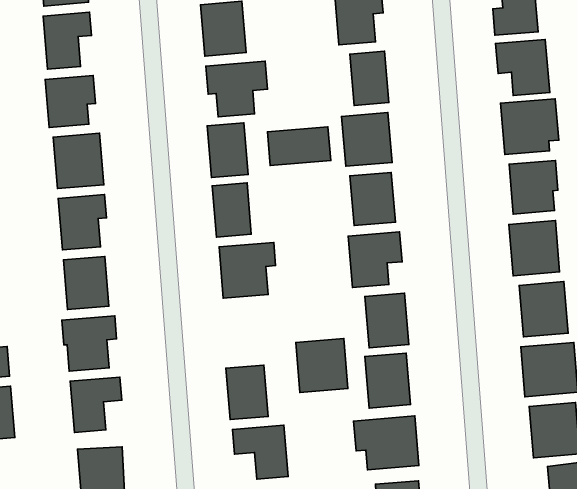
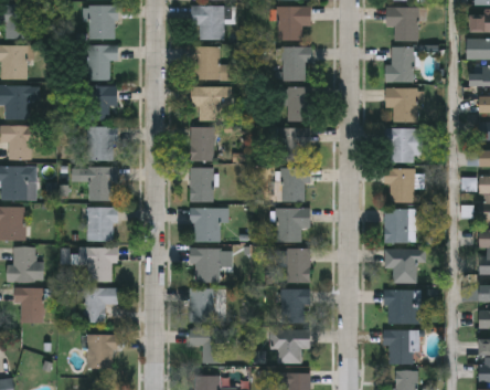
building: [267,127,331,165] -> none
building: [296,339,348,392] -> [191,249,223,282]

